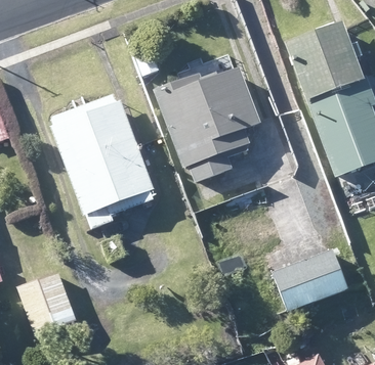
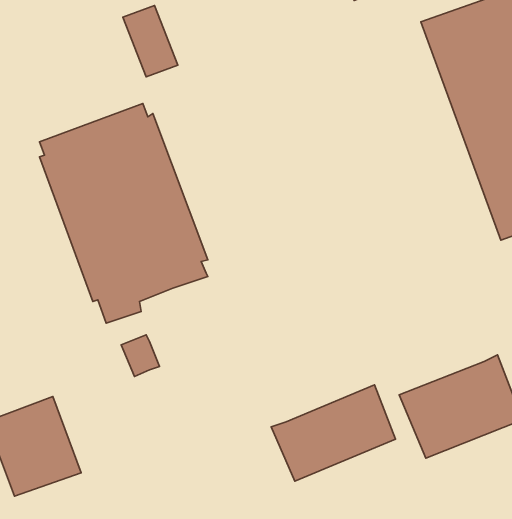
building: [153,66,259,212] -> none
building: none -> [271,385,396,481]

